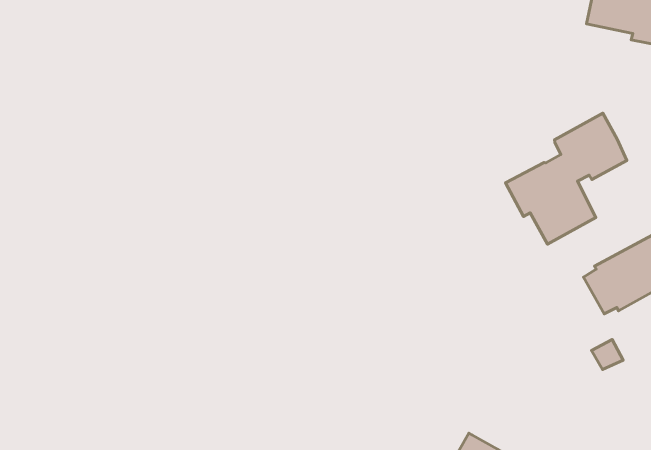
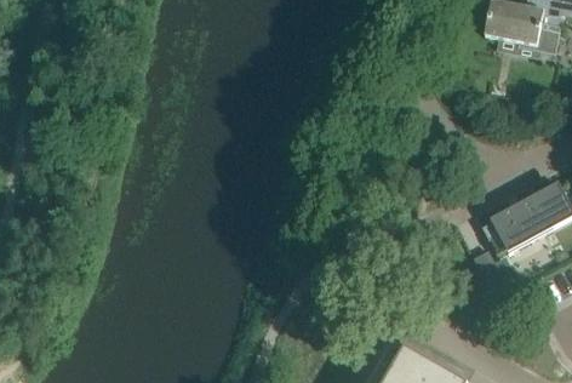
building: [505,113,627,244] -> none

